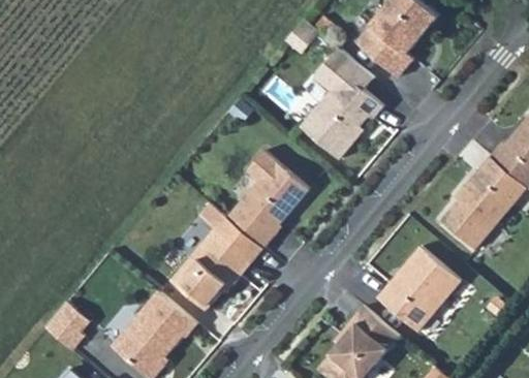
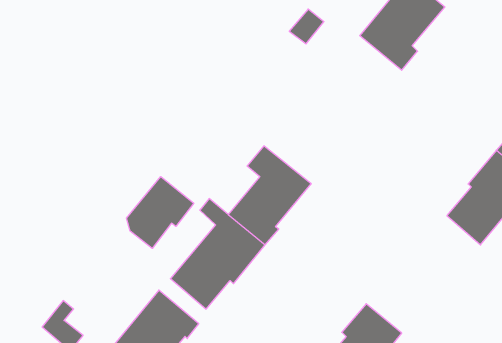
building: [301,48,384,158] -> none
building: none -> [126,177,194,248]
building: [377,246,461,332] -> none

